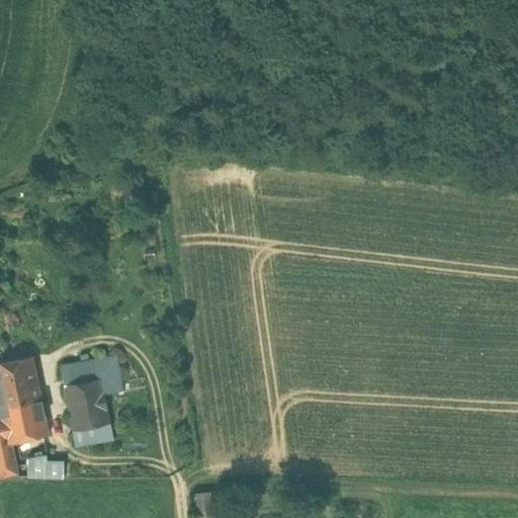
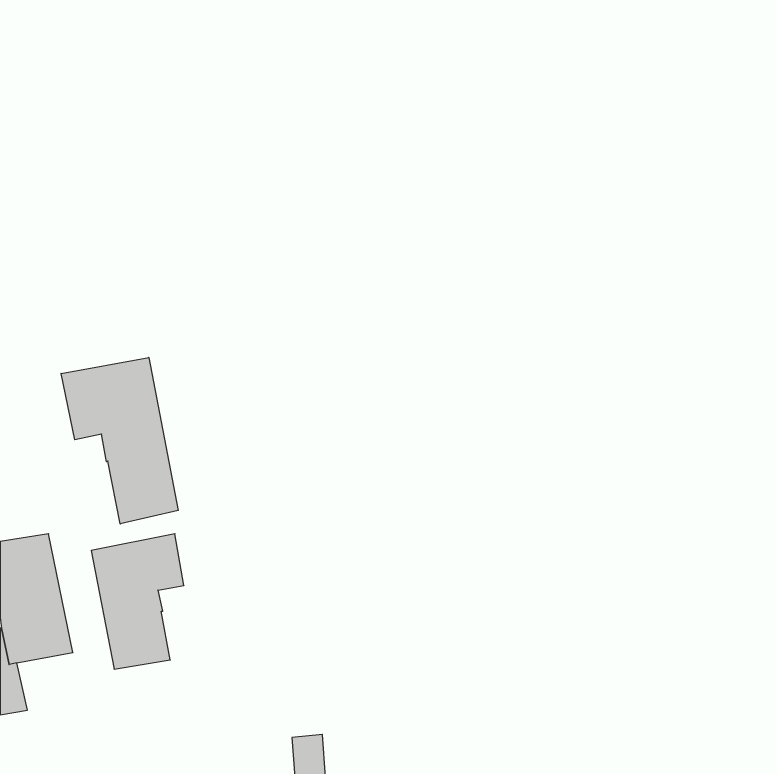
building: none -> [61,357,178,524]
building: [27,455,65,480] -> none

